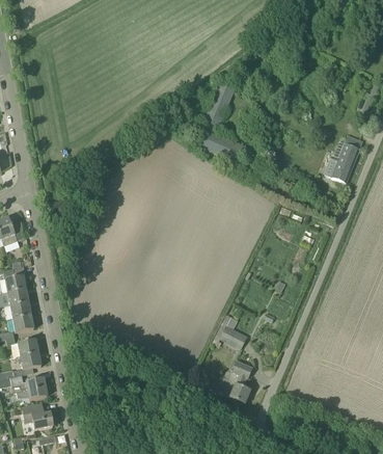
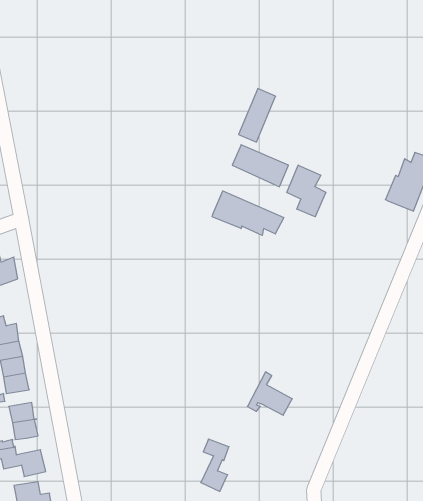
building: none -> [287,165,326,217]
building: none -> [212,191,284,235]
building: [229,359,252,402] -> [201,439,229,491]

